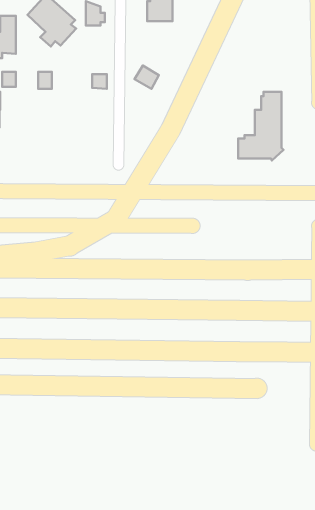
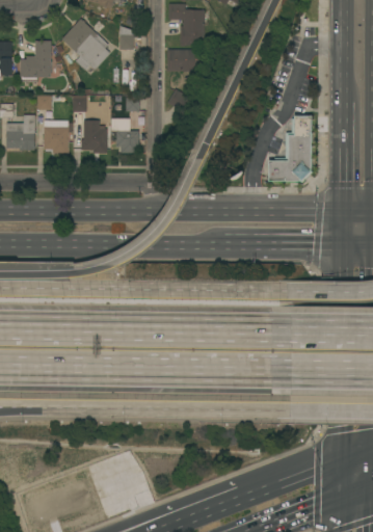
building: none -> [167,50,204,72]
building: none -> [44,121,72,154]
building: none -> [81,121,107,154]
building: none -> [115,125,139,153]

